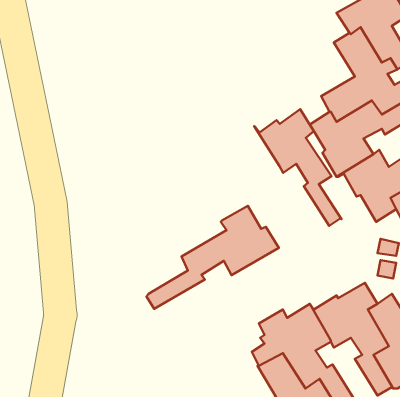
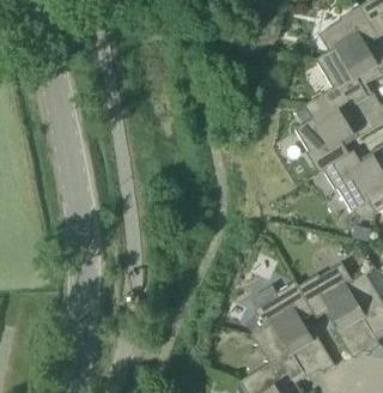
building: [254,109,341,226] -> none
building: [147,206,279,309] -> none

